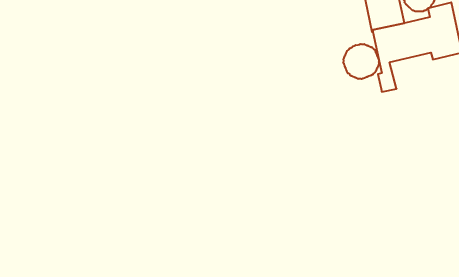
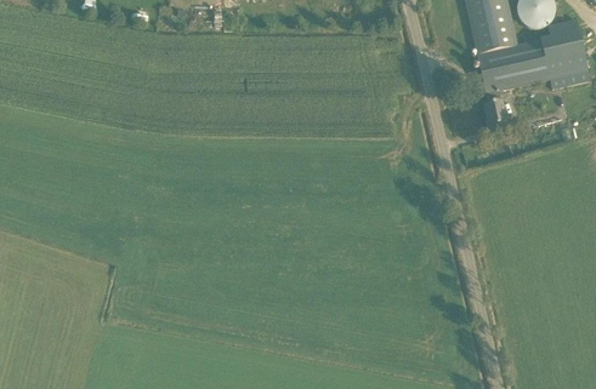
building: [343,44,379,79] -> none

